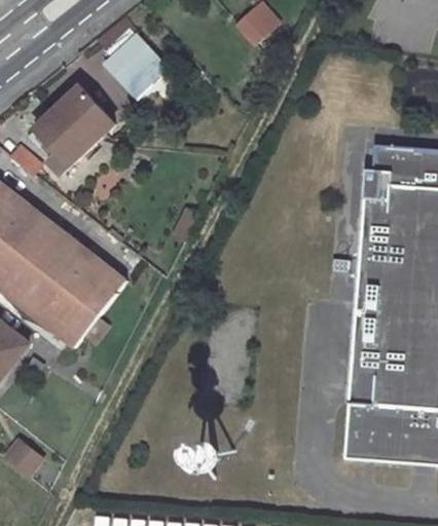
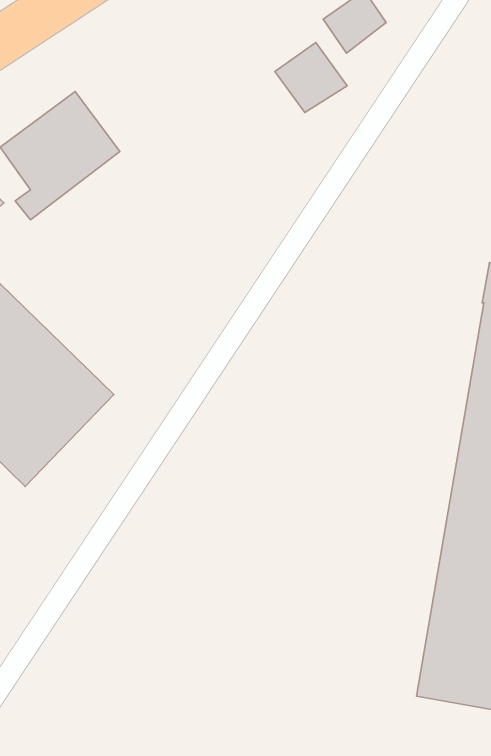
building: [106,34,170,98] -> none
building: none -> [275,42,347,112]

